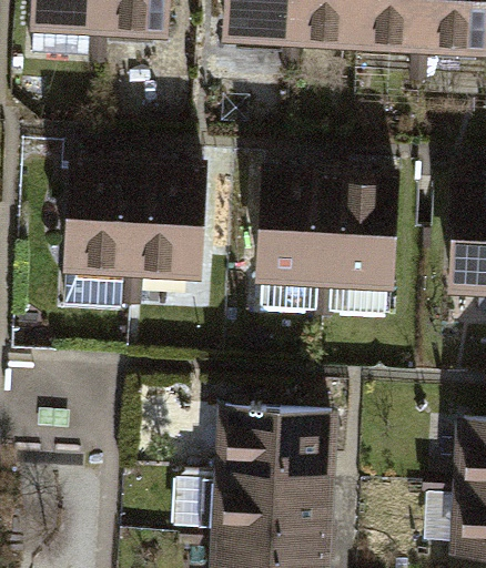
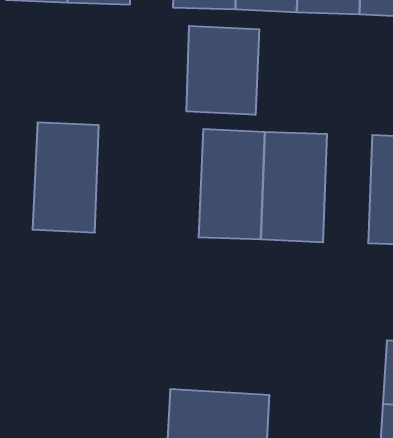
building: none -> [186,26,259,115]
building: [133,172,209,296] -> none
building: [219,407,336,479] -> none

